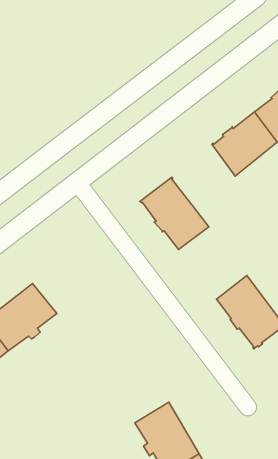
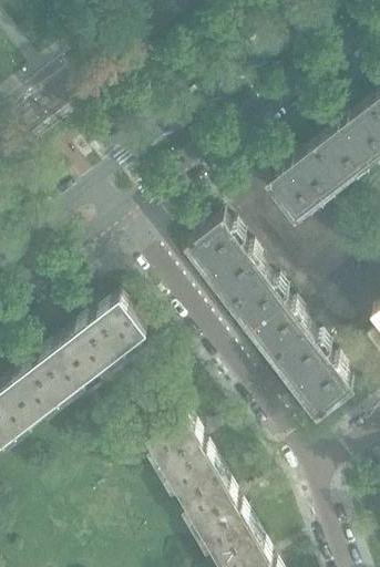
building: none -> [229,280,307,362]
building: none -> [63,302,144,379]
building: none -> [144,420,218,503]

